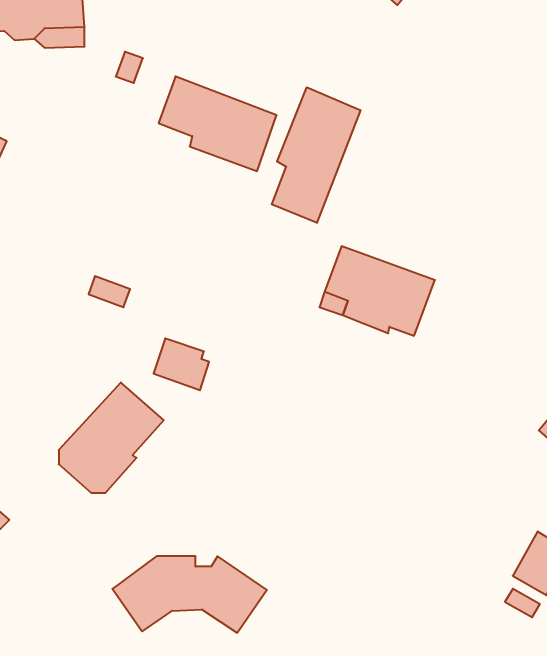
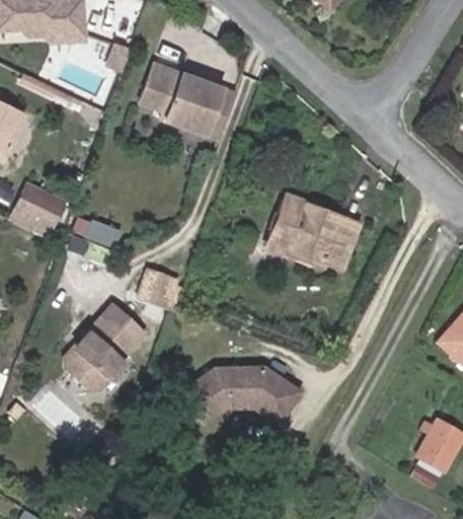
building: [272,87,360,223] -> none
building: none -> [26,189,66,229]
building: [112,556,267,633] -> [179,366,300,426]

